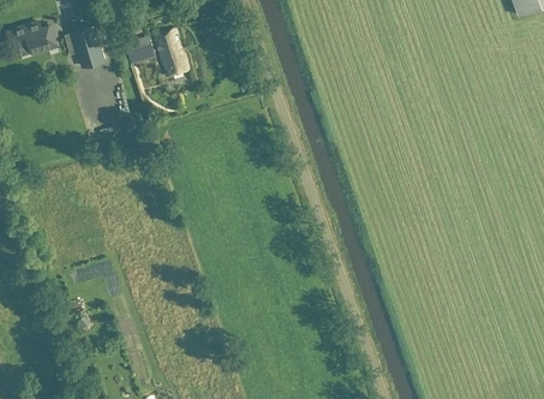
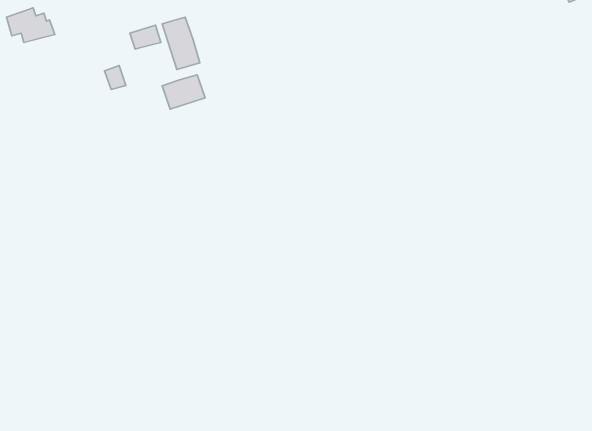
building: [73,24,101,59] -> none
building: none -> [162,75,205,109]

